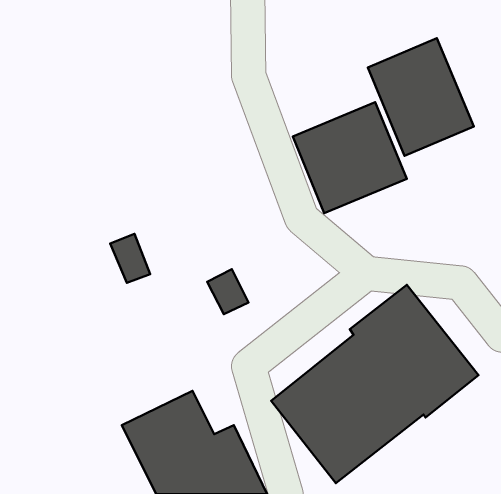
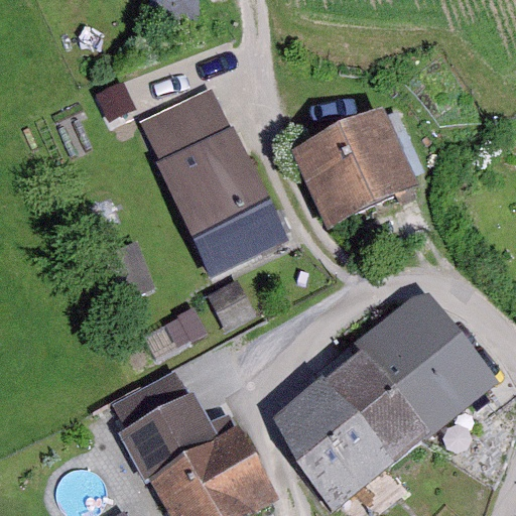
building: [368,38,474,156] -> none
building: none -> [141,91,280,277]

